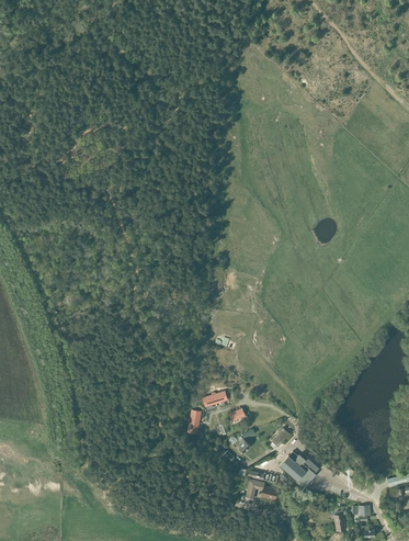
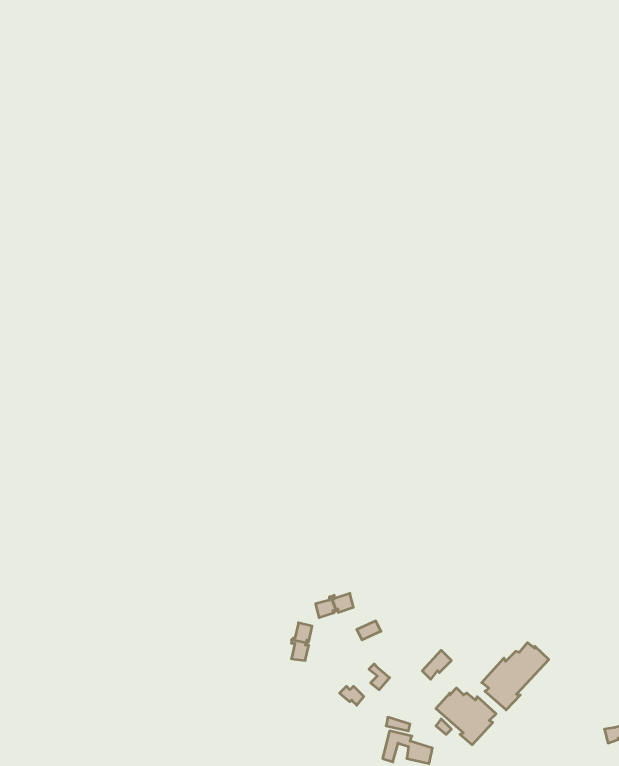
building: none -> [482,643,549,710]

